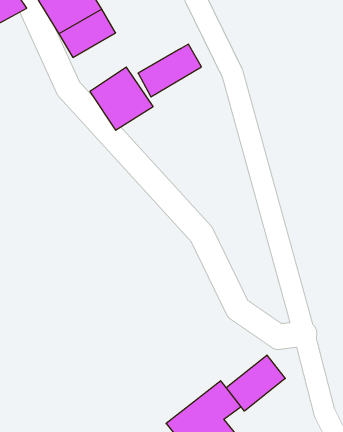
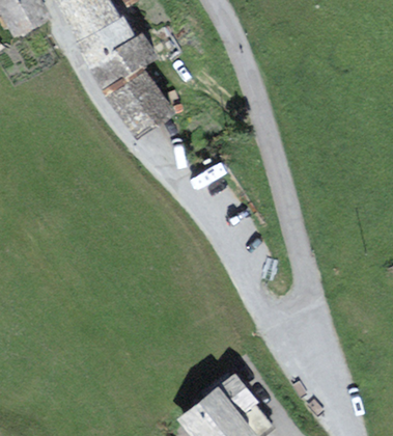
building: [138,44,201,97] -> [92,33,153,84]
building: [226,355,285,411] -> none

